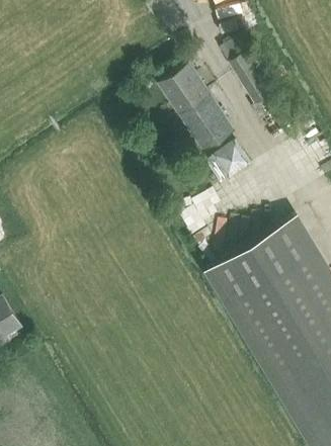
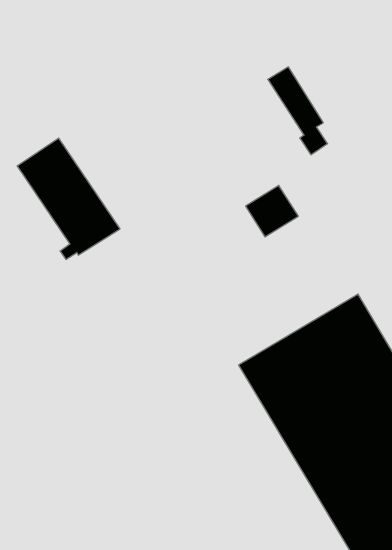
building: [158,64,233,152] -> [17,138,120,259]

